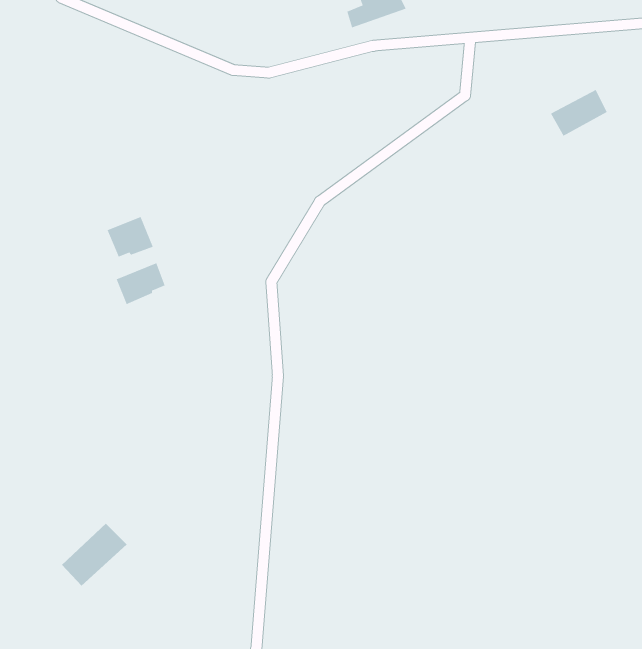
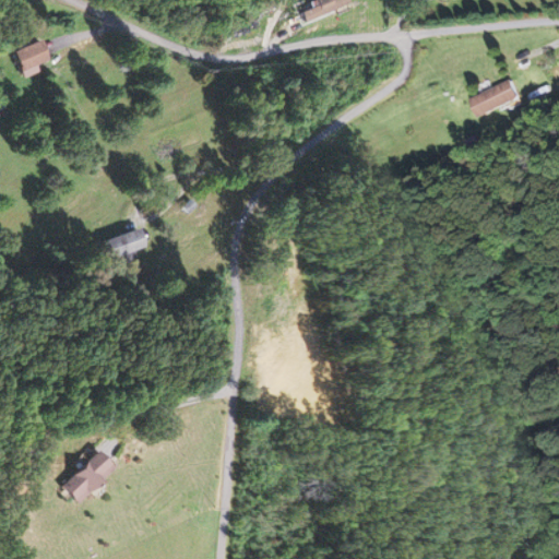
building: none -> [12,35,51,73]
building: [107,216,153,258] -> none

